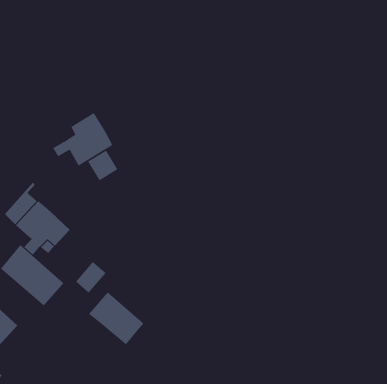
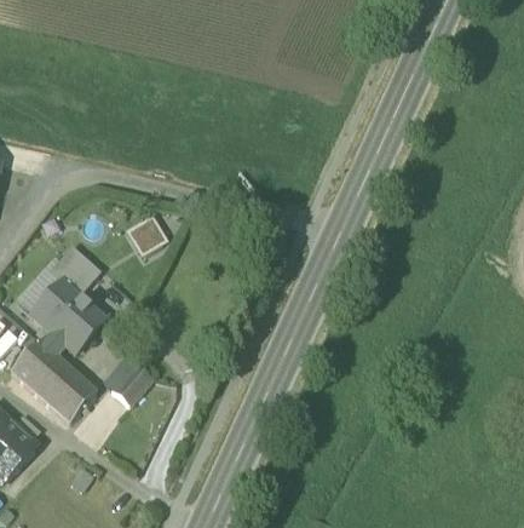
building: [53,112,113,167] -> none
building: none -> [47,243,99,294]
building: [89,292,144,345] -> none

